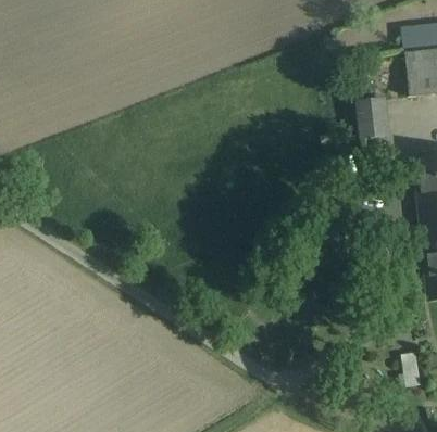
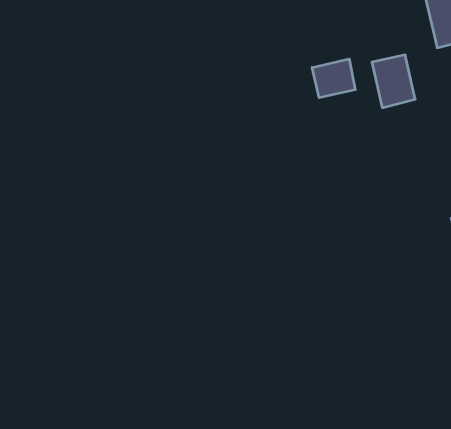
building: none -> [312,59,355,98]

